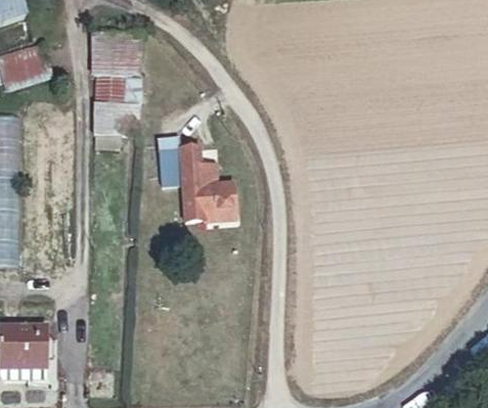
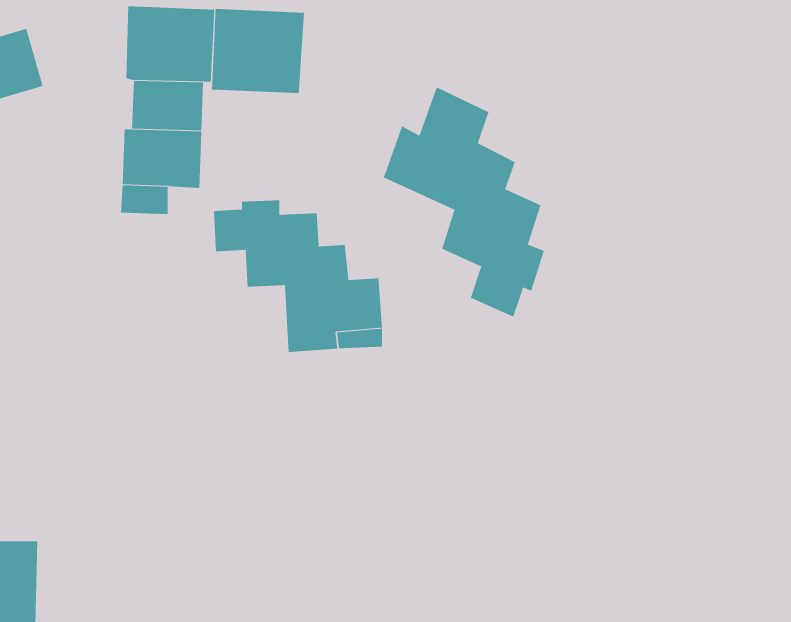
building: none -> [212,8,304,94]
building: none -> [383,86,545,317]

